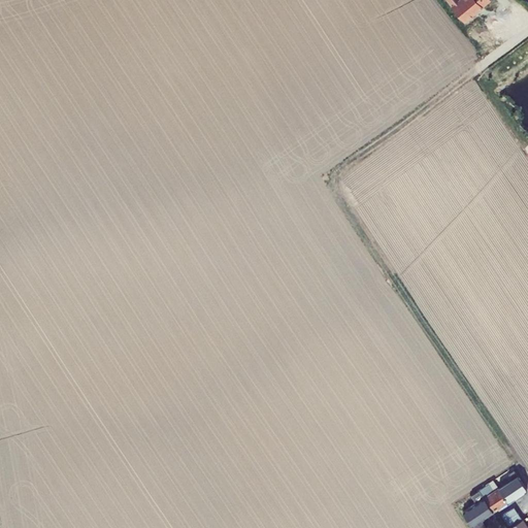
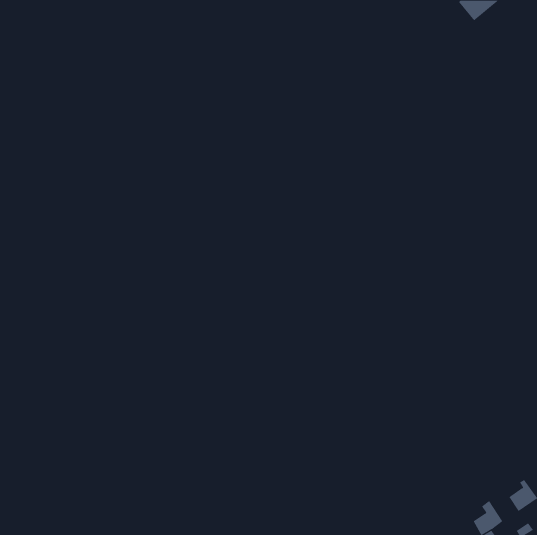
building: [481,483,508,514] -> none

